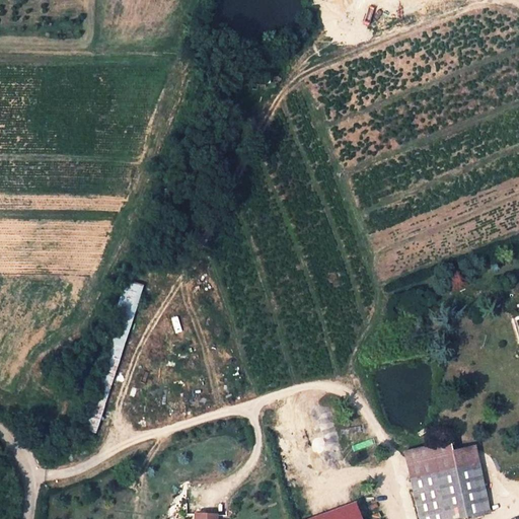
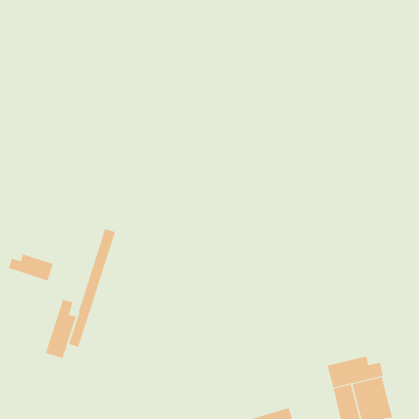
building: none -> [8,254,54,281]
building: none -> [45,299,77,359]

